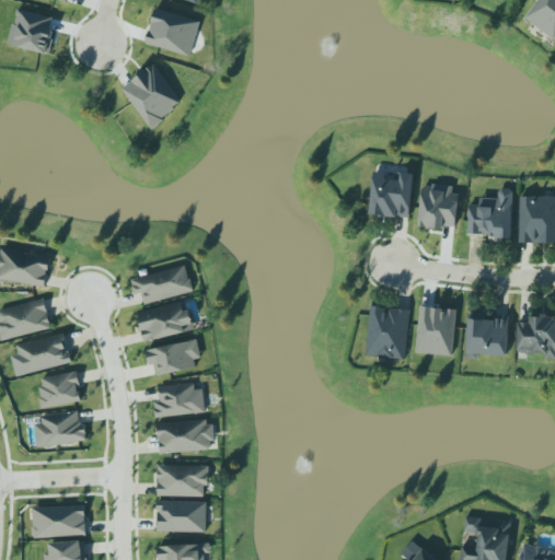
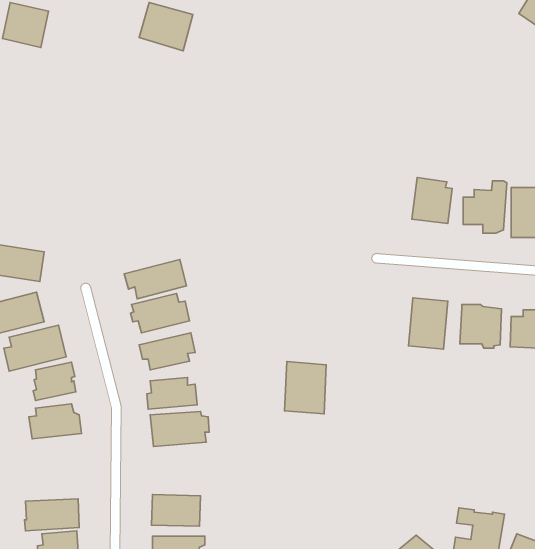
building: [122,65,182,128] -> none
building: [371,172,413,218] -> none
building: [367,307,408,360] -> [285,361,326,414]
building: [158,463,209,495] -> none

